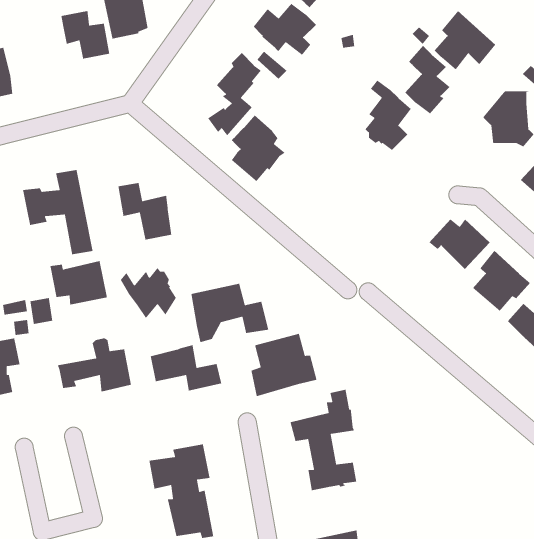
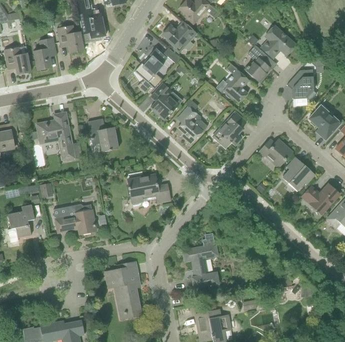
building: none -> [34,38,56,70]
building: none -> [177,99,207,143]
building: none -> [212,111,246,148]
building: [49,260,108,306] -> none
building: [120,267,177,319] -> none
building: [250,333,318,397] -> none
building: [150,344,222,392] -> none

